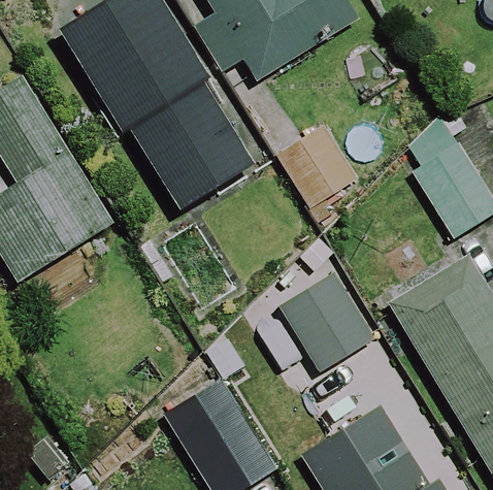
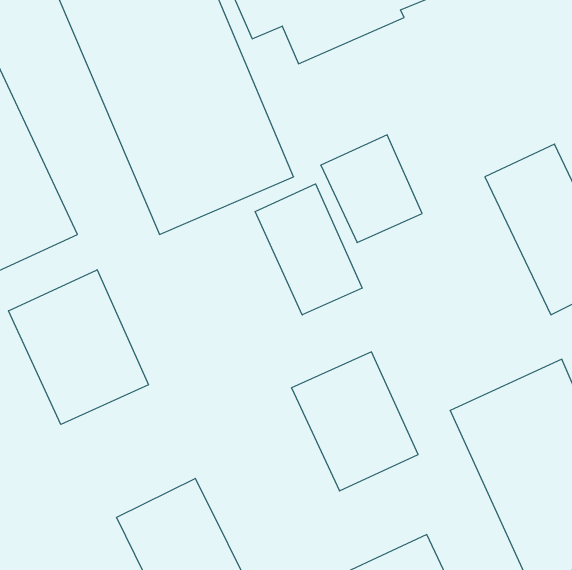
building: none -> [255,184,362,315]
building: none -> [9,270,148,424]

